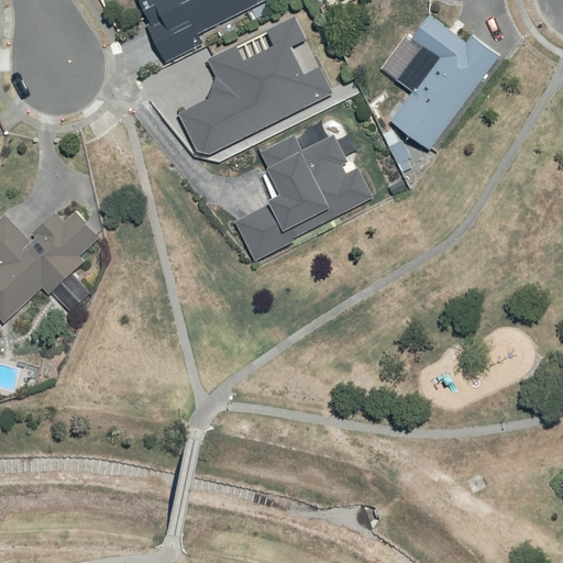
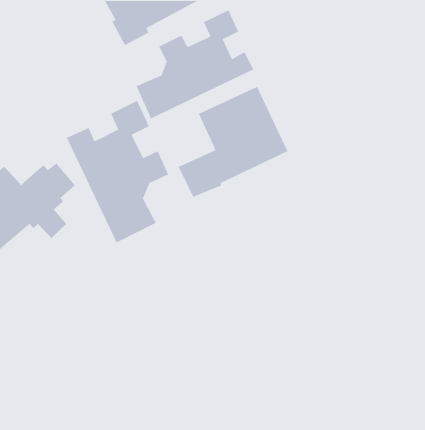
building: [378,14,498,153] -> none
building: none -> [66,100,169,243]

